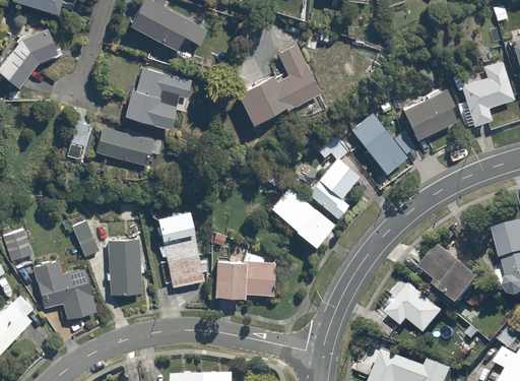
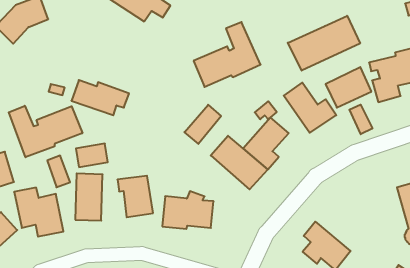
building: none -> [288,16,360,71]
building: [124,65,193,127] -> none
building: none -> [349,105,372,134]
building: none -> [184,105,221,144]
building: none -> [9,106,82,157]
building: [157,209,197,240] -> [76,144,108,167]
building: [422,246,483,306] -> none

